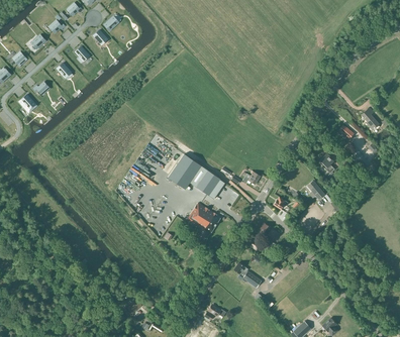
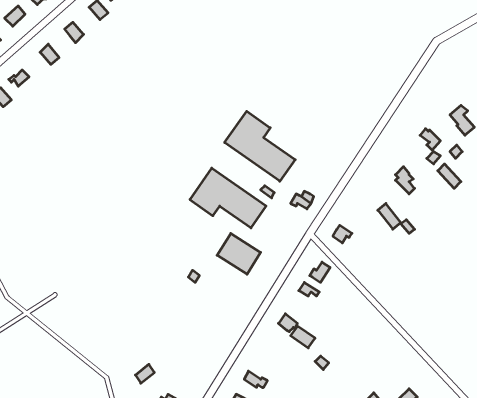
building: none -> [225,111,295,181]

